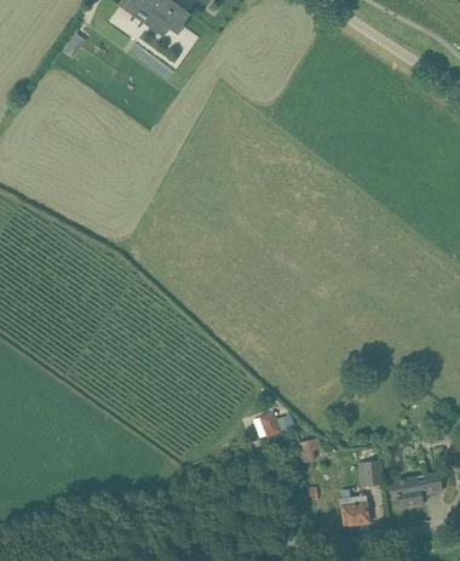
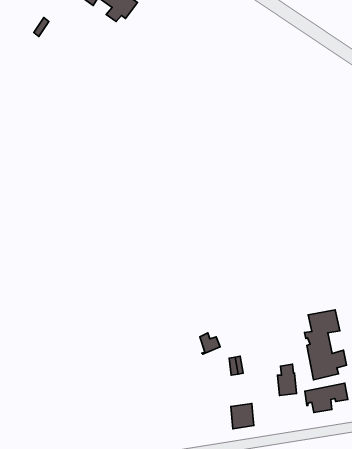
building: none -> [304,310,347,380]
building: [341,496,369,526] -> [231,403,254,429]

